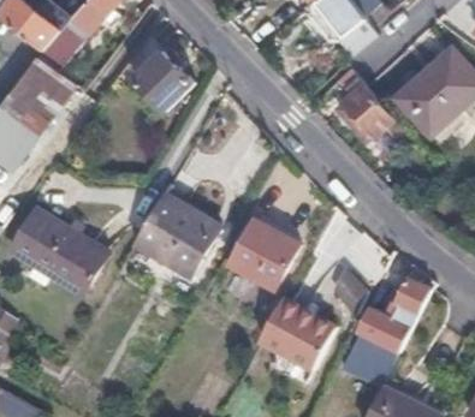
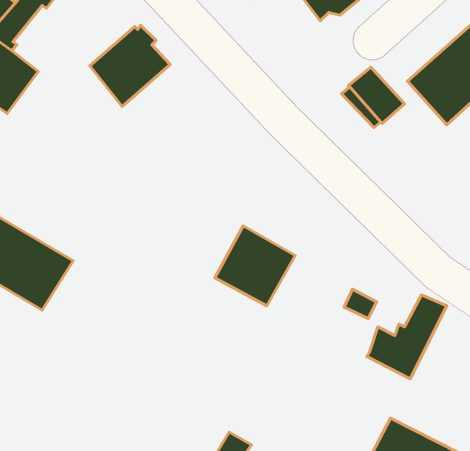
building: [135,192,221,273] -> none
building: [260,296,336,365] -> none
building: [346,333,398,381] -> none

